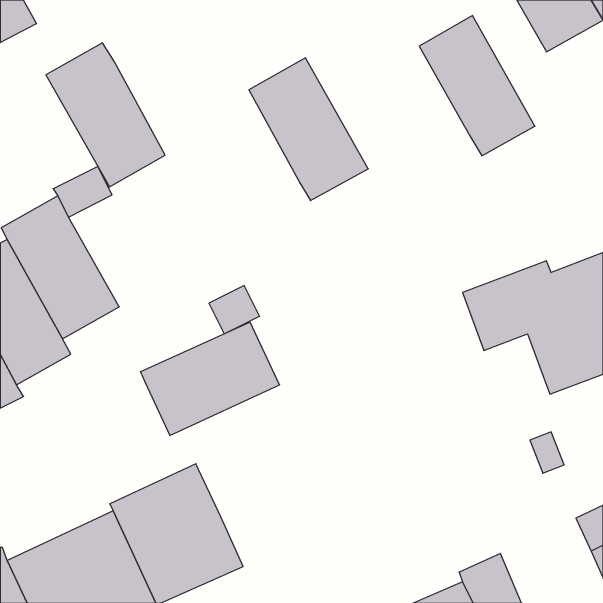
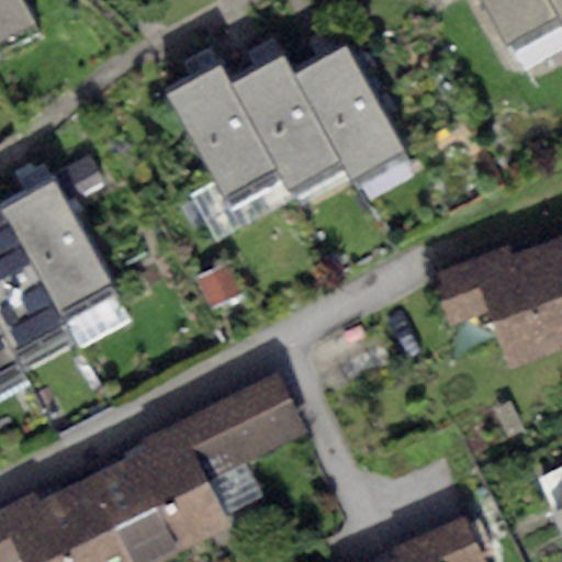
building: [419,15,535,156] -> [295,45,403,176]
building: [46,43,165,187] -> [168,66,279,200]
building: [140,322,280,436] -> [178,375,307,481]

